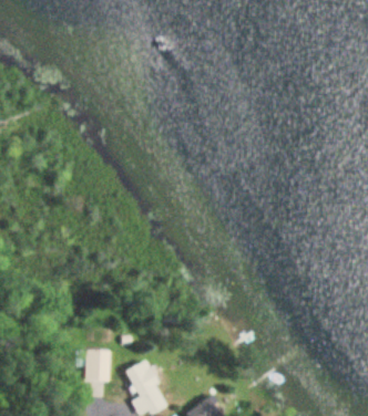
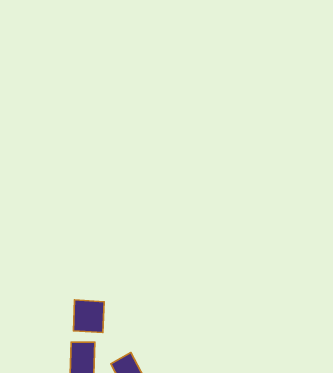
building: none -> [73,300,104,333]

